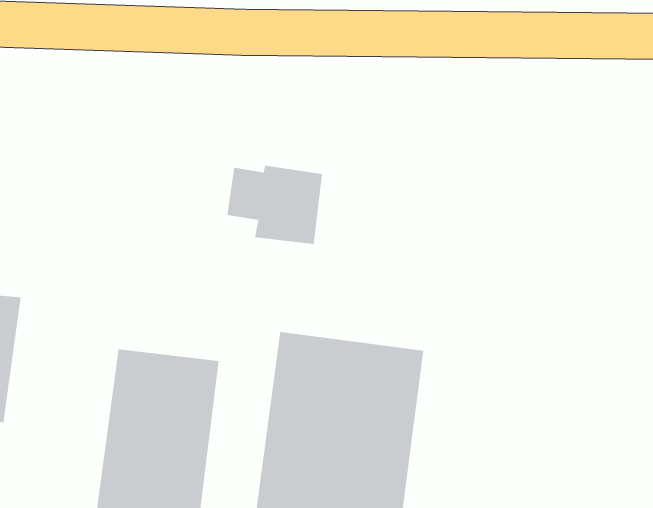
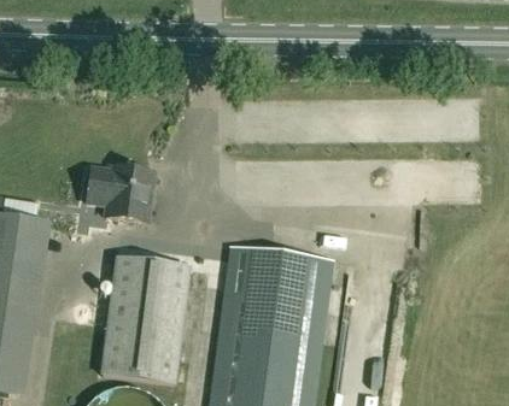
building: [227,165,323,244] -> [84,166,152,222]

